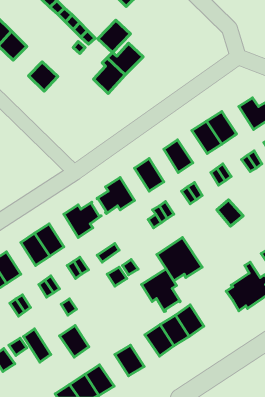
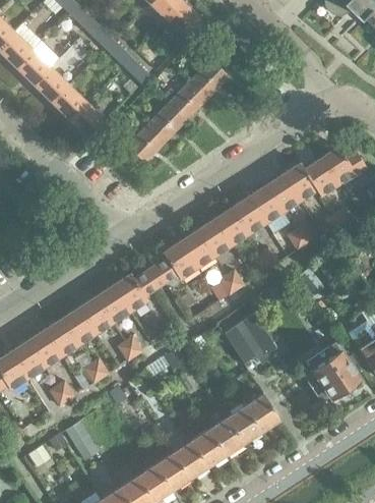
building: [98,20,130,53] -> [189,59,228,98]
building: none -> [52,86,86,120]
building: none -> [126,120,165,163]
building: none -> [303,157,337,197]
building: none -> [247,185,283,224]
building: none -> [213,208,248,246]
building: none -> [179,230,213,269]
building: none -> [95,285,129,324]
building: none -> [44,319,78,356]
building: [142,269,180,312] -> none
building: [60,325,89,357] -> [154,452,189,490]
building: none -> [191,429,226,466]

